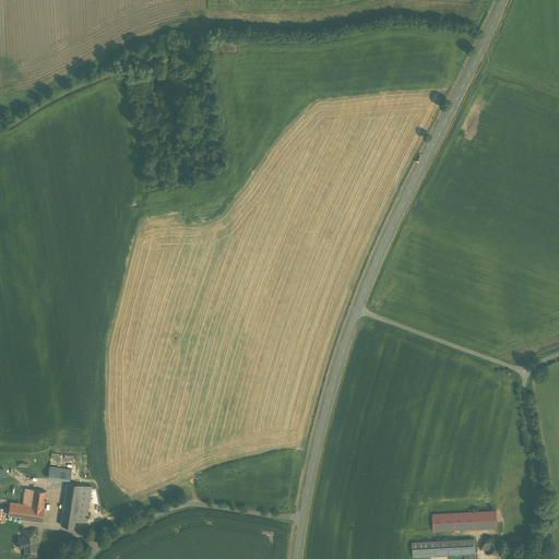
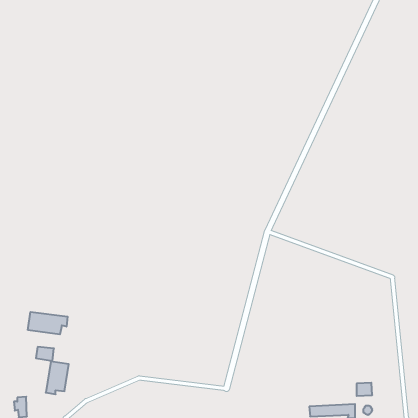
building: none -> [28,312,68,334]
building: [8,488,46,522] -> none
building: [432,512,476,531] -> none

